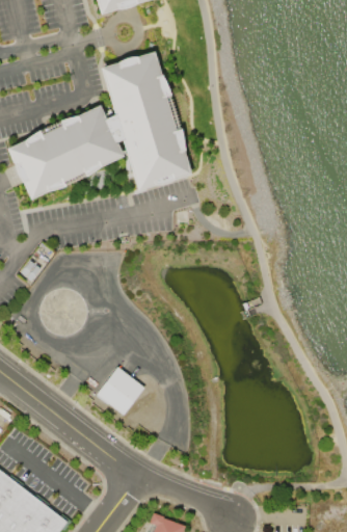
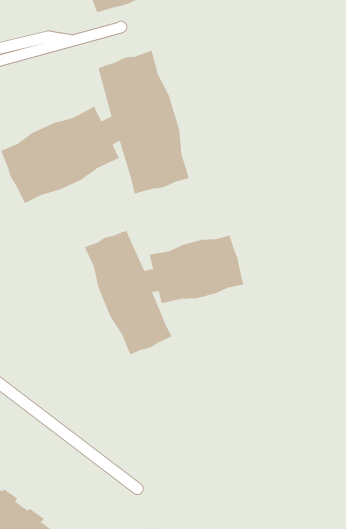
building: none -> [84,230,244,356]
building: [97,367,144,415] -> none

